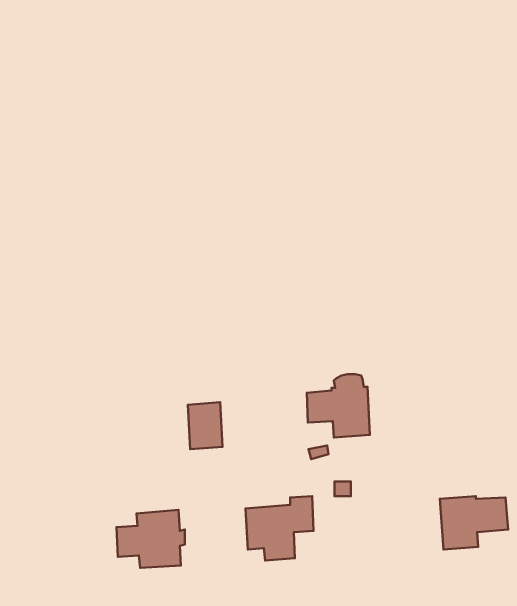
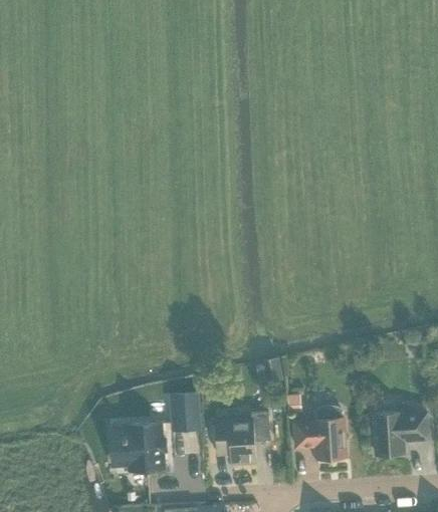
building: [307,374,370,437] -> [295,408,347,459]
building: [188,402,223,449] -> [172,393,200,431]

